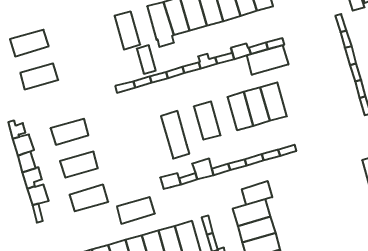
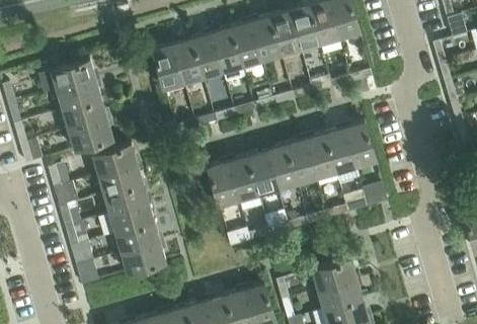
building: none -> [192,33,223,78]
building: none -> [152,45,184,90]
building: [247,45,288,75] -> none
building: none -> [57,80,101,111]
building: none -> [68,119,113,151]
building: none -> [287,140,317,184]
building: none -> [92,145,138,176]
building: none -> [247,151,277,195]
building: none -> [208,162,239,207]
building: none -> [104,184,149,215]
building: [242,181,272,205] -> none
building: [117,197,155,224] -> [115,223,160,254]

